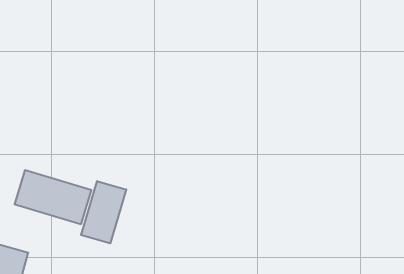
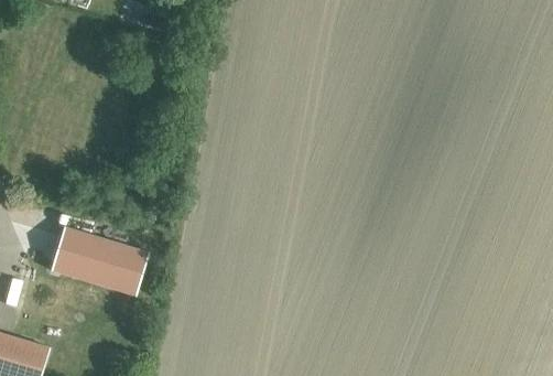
building: [81,181,126,243] -> none

